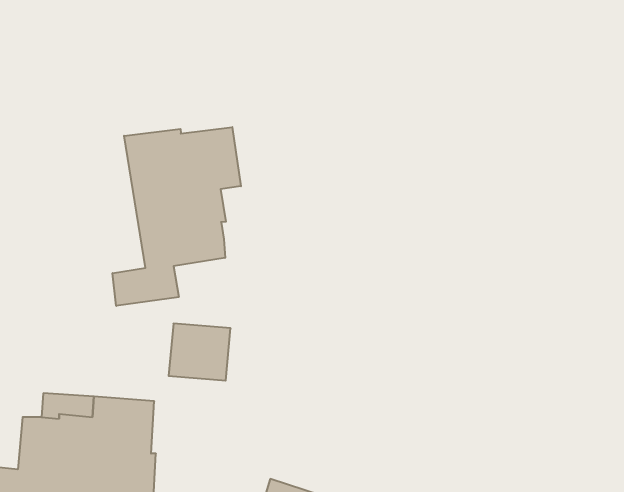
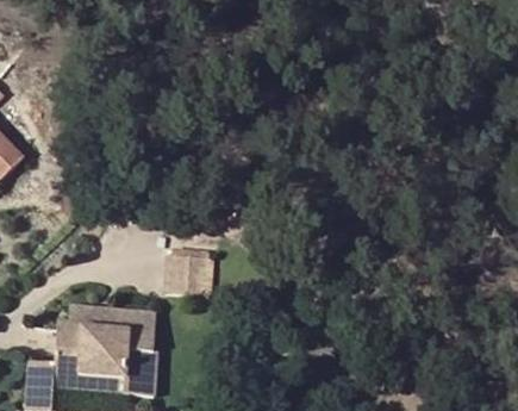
building: [113,127,241,306] -> none

